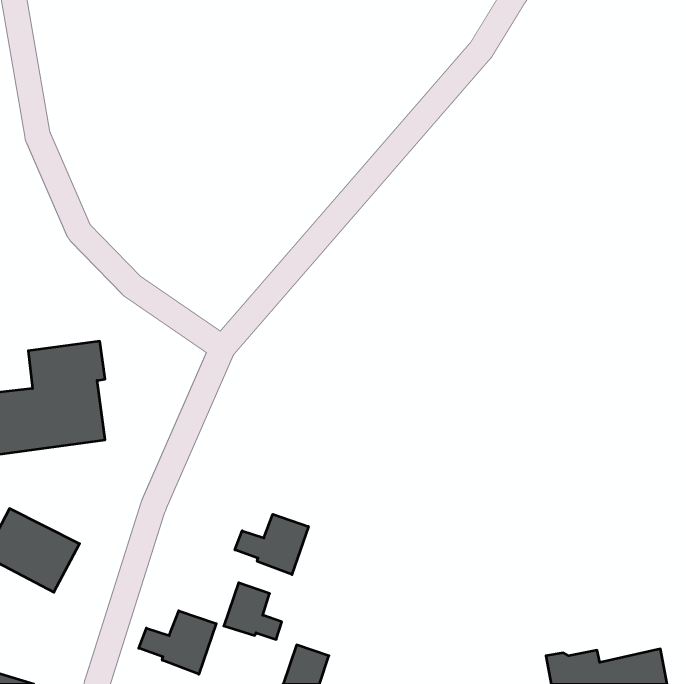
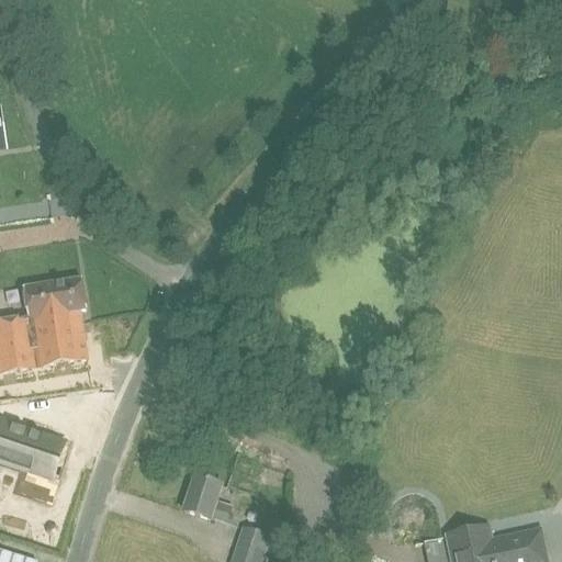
building: [235,514,308,575] -> none
building: [139,611,216,674] -> none

